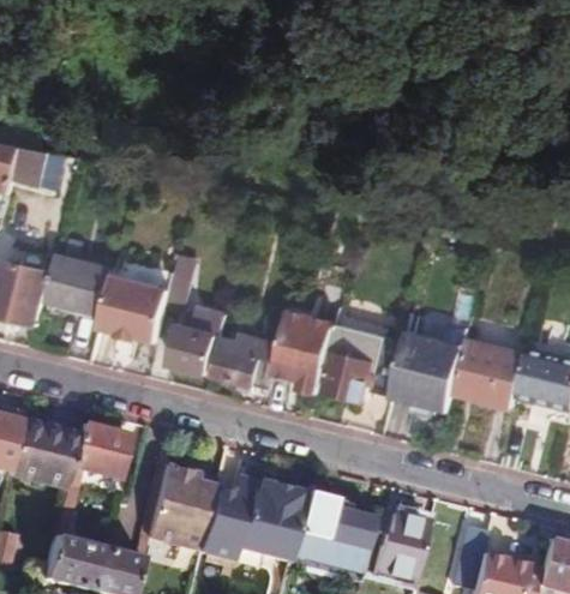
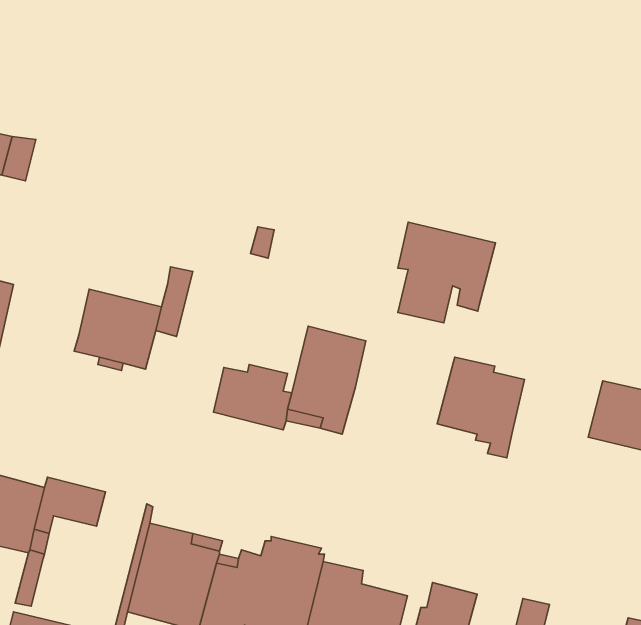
building: [47,253,116,312] -> none
building: [173,305,229,374] -> none
building: [330,317,409,398] -> [398,222,496,323]
building: [457,337,529,406] -> none

